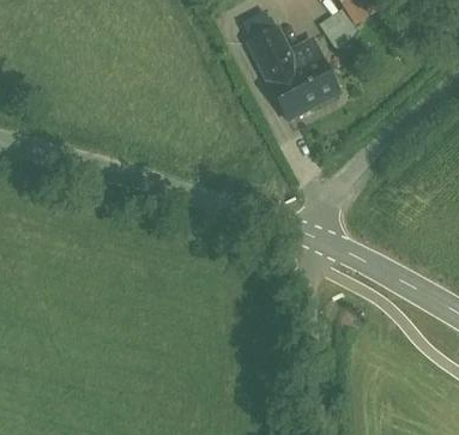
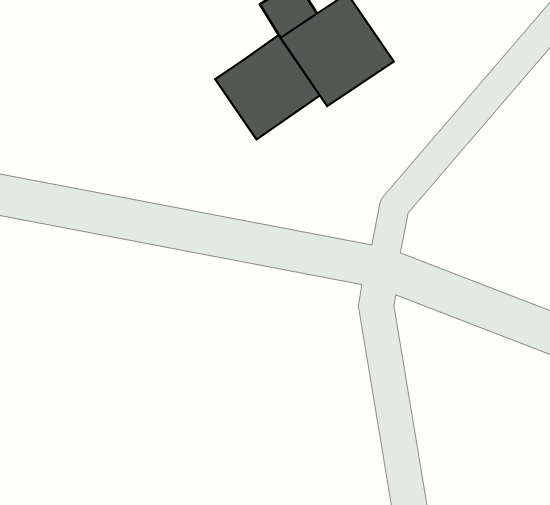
building: none -> [215,35,320,140]

